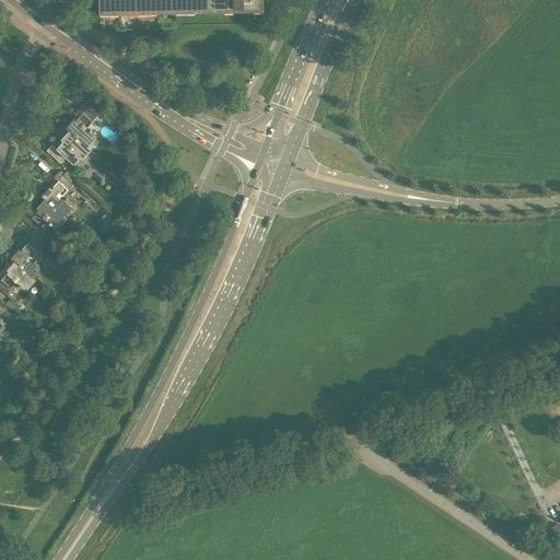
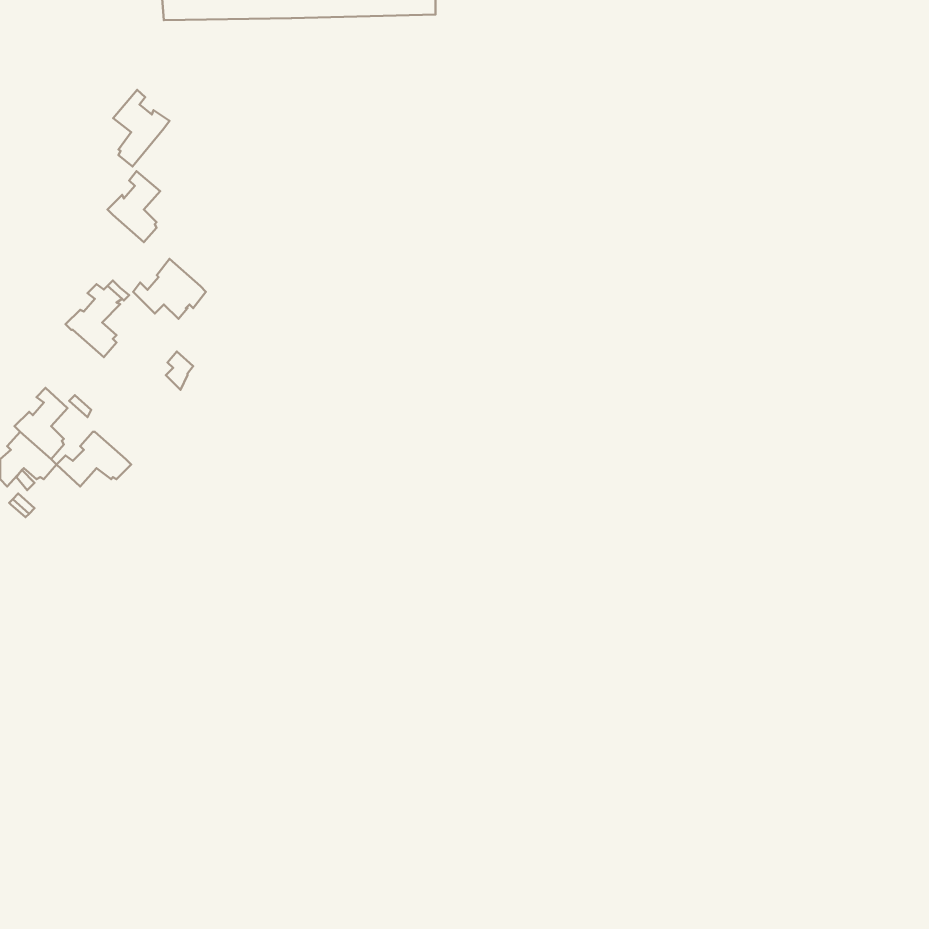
building: none -> [113,90,169,167]
building: [47,129,91,165] -> [133,259,206,319]
building: [22,198,67,231] -> [56,432,131,486]

